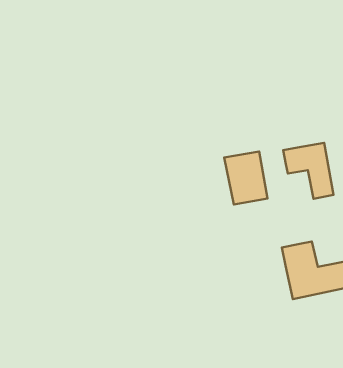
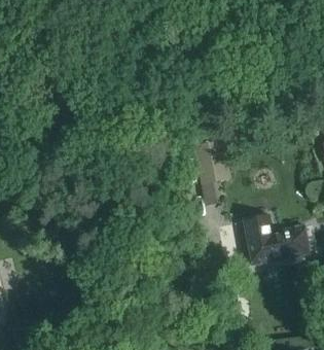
building: [283,143,333,199] -> none

